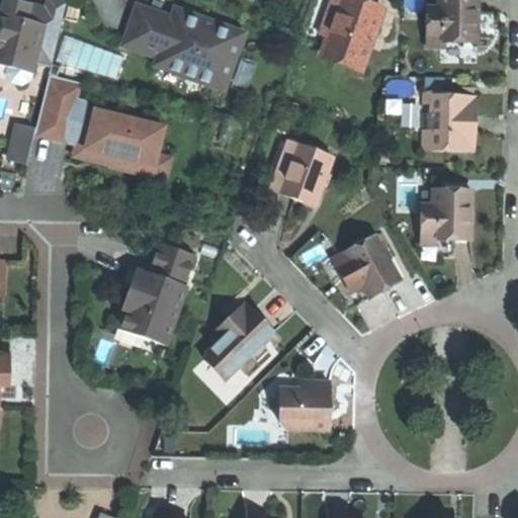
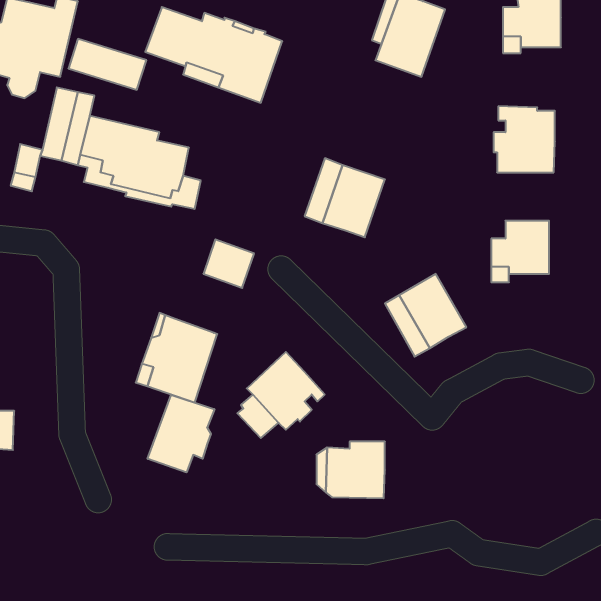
building: [150,244,193,285] -> [203,239,254,288]
building: none -> [148,395,214,472]

